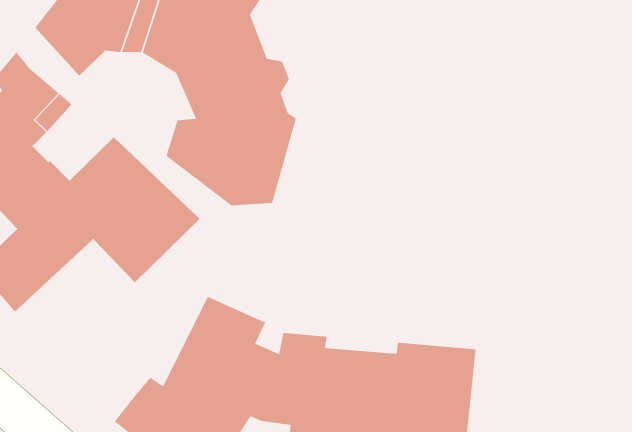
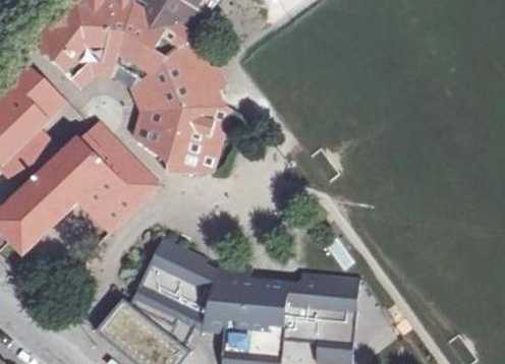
building: none -> [69,61,154,111]

